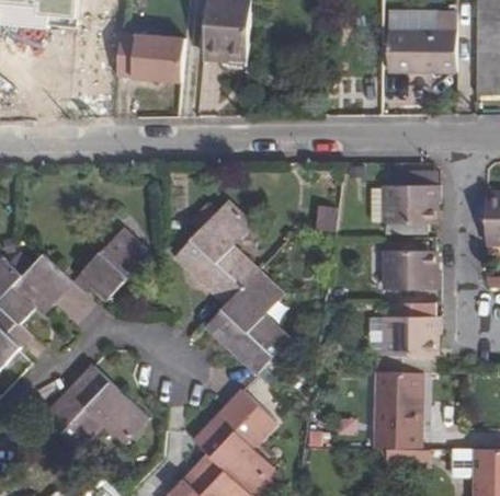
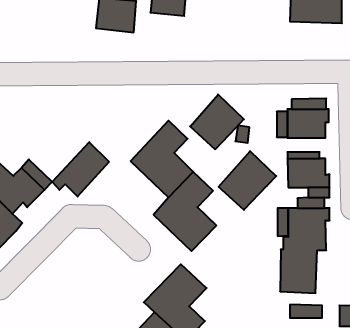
building: none -> [190,94,244,149]
building: none -> [219,151,276,210]
building: [45,367,149,449] -> none

